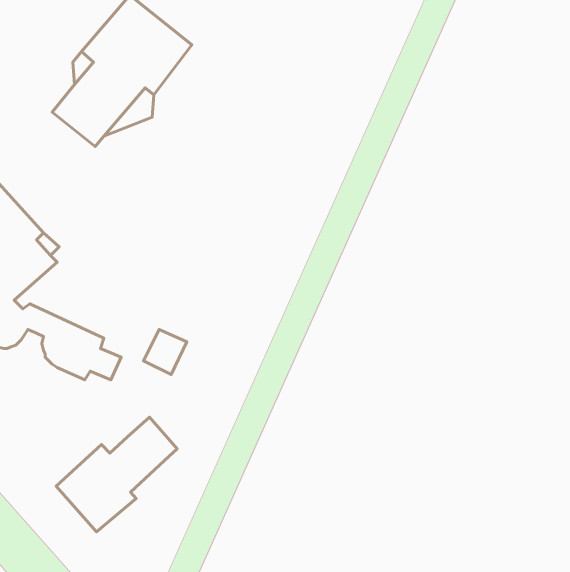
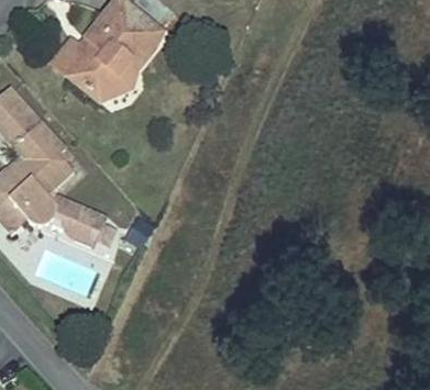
building: [56,417,177,532] -> none

